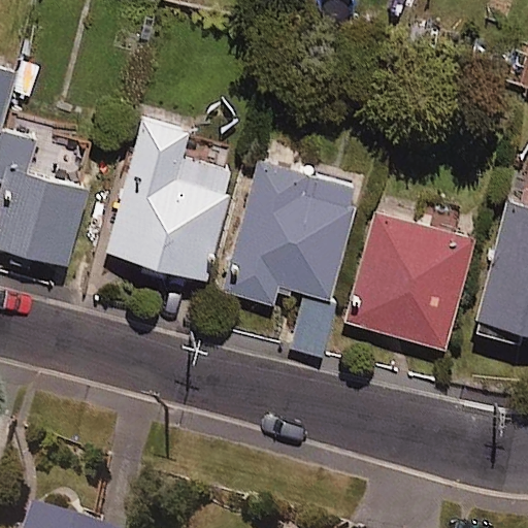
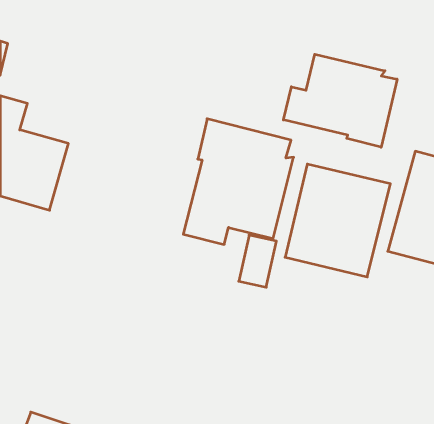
building: none -> [283,54,397,147]
building: [105,113,229,278] -> none

